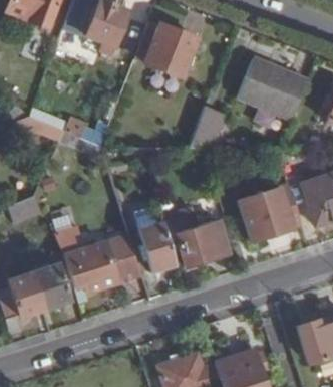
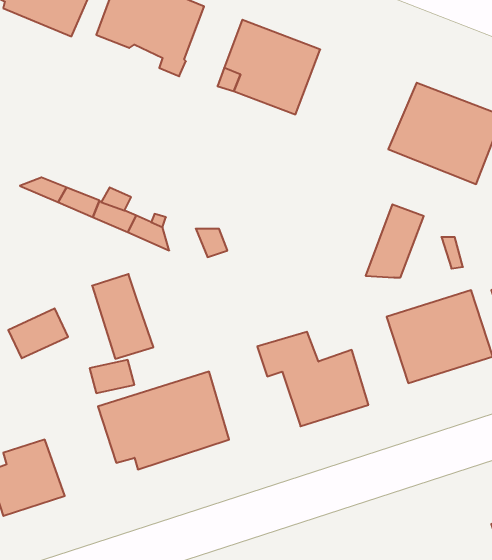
building: [190,106,225,150] -> [366,204,424,277]
building: [138,221,176,272] -> [92,274,153,359]
building: [31,266,67,309] -> none

